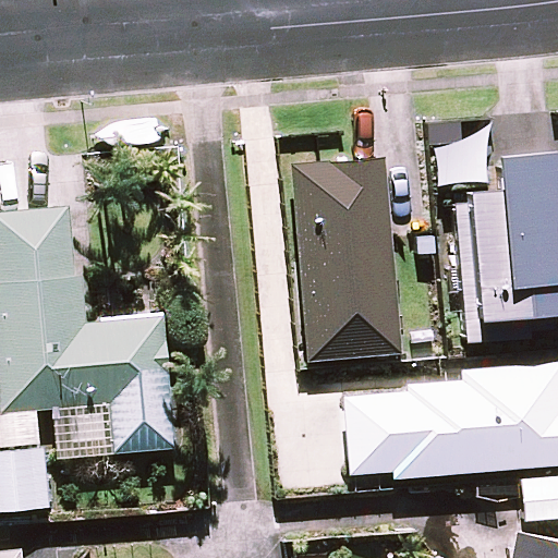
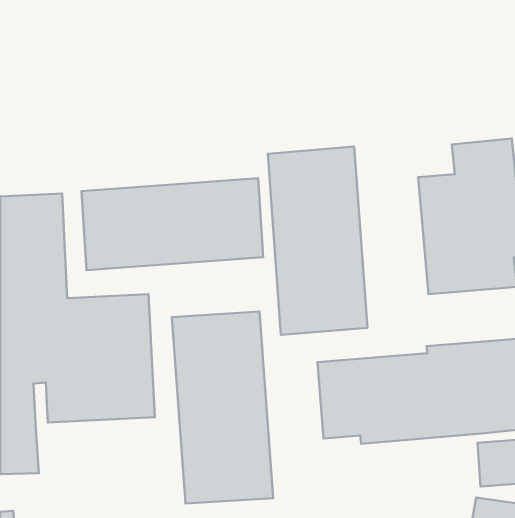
building: none -> [82,178,263,270]
building: none -> [172,312,273,504]

